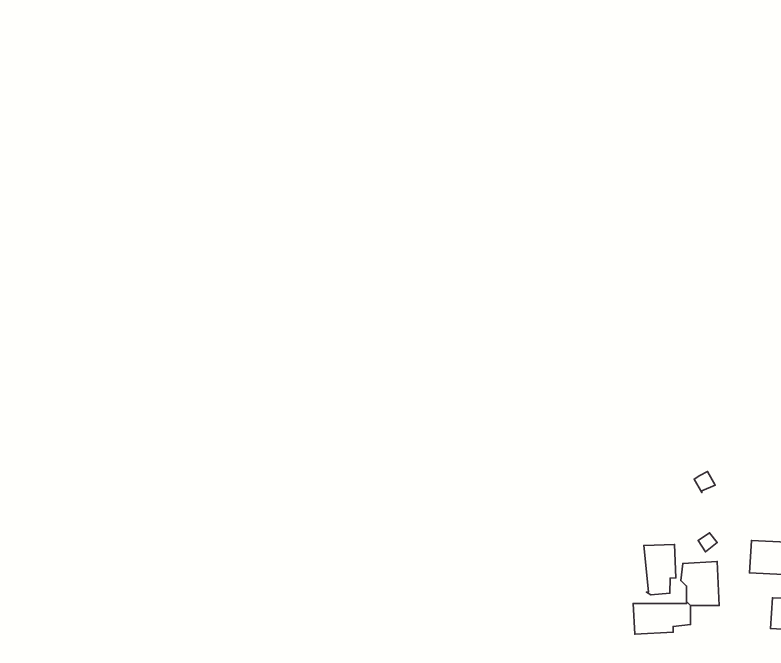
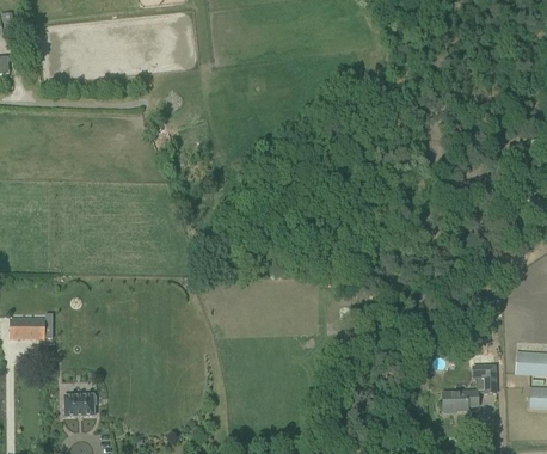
building: [644,544,676,595] -> none
building: none -> [63,393,96,416]

